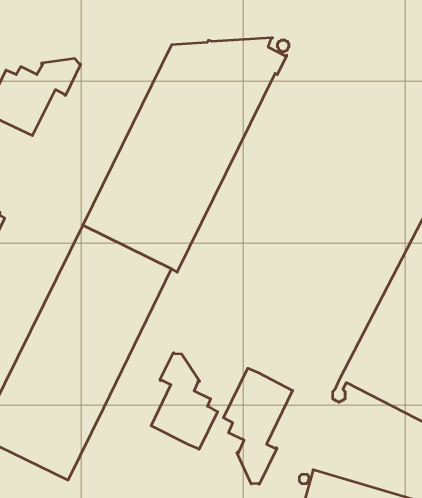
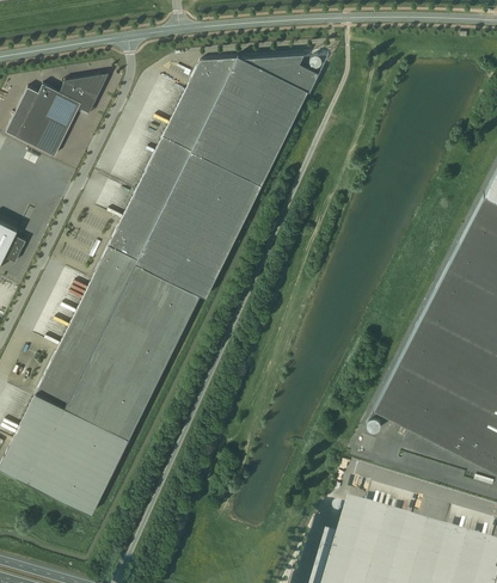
building: [151,353,218,449] -> none
building: [223,368,293,484] -> none

